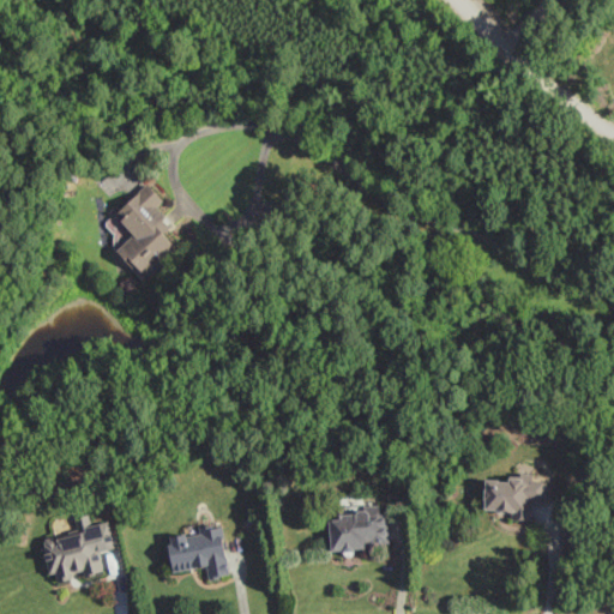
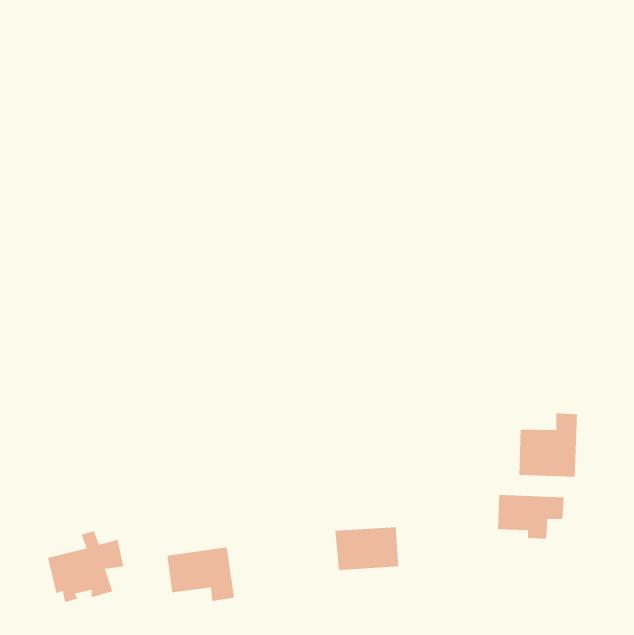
building: [110,183,174,279] -> none
building: none -> [519,412,578,478]

